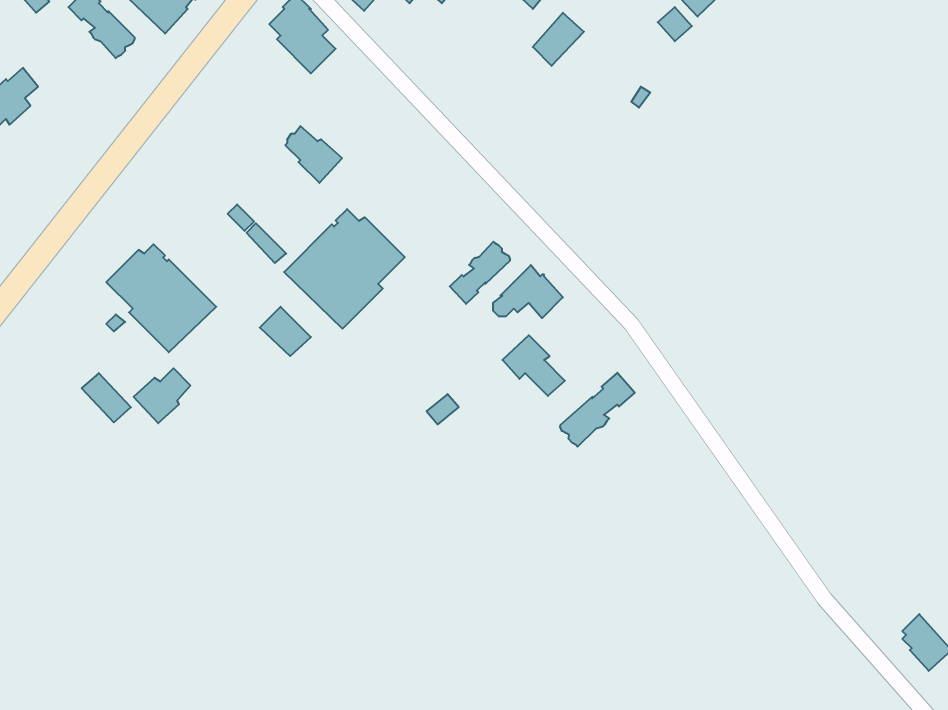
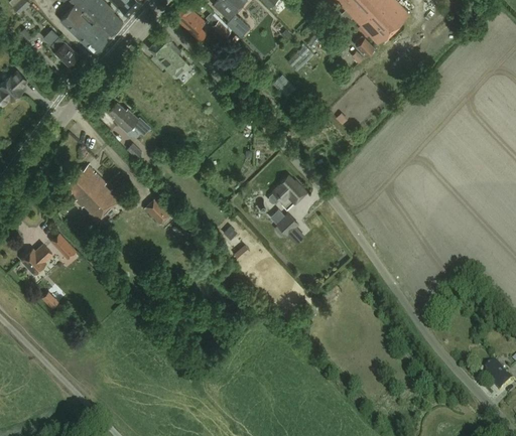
building: [285,126,342,183] -> [109,102,139,132]
building: [284,209,405,329] -> none
building: [450,242,510,304] -> none
building: [134,368,190,423] -> [22,245,52,274]
building: [560,373,635,447] -> none

